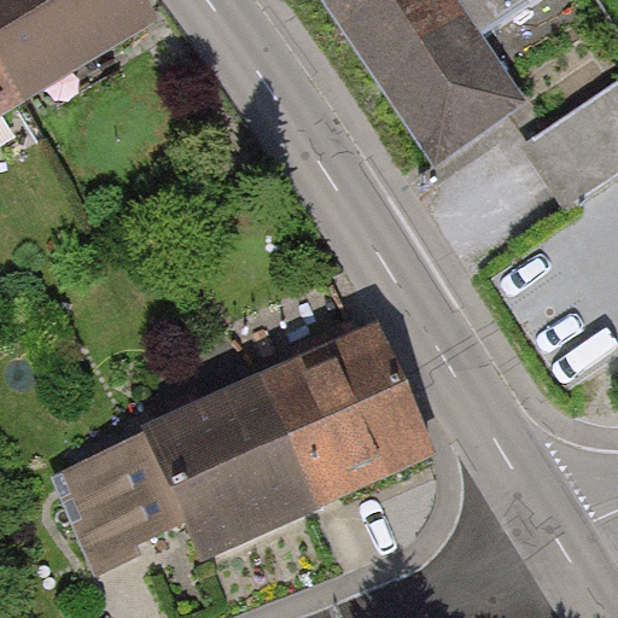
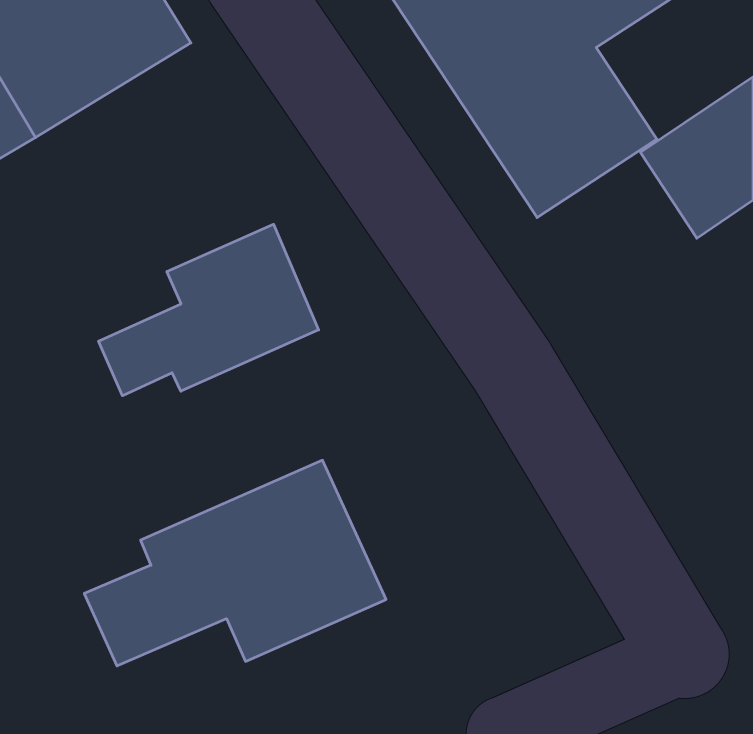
building: none -> [99,224,319,396]
building: [263,323,430,489] -> none

